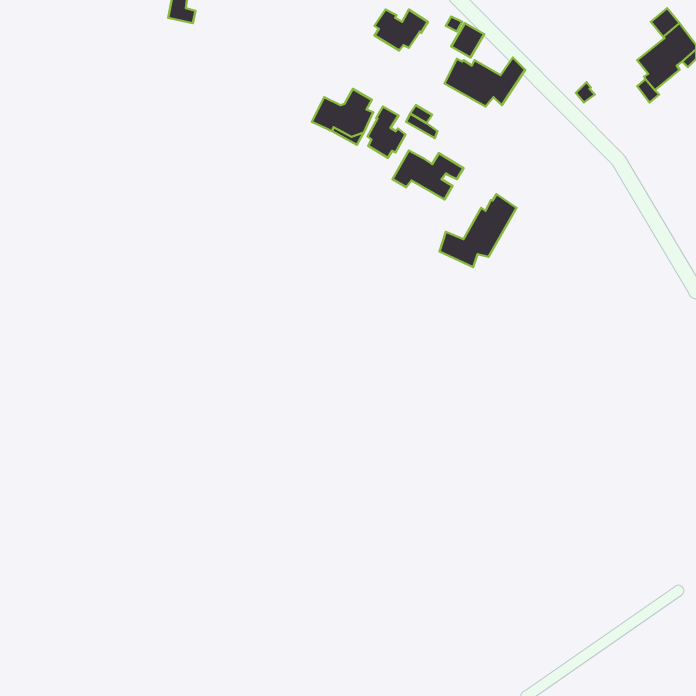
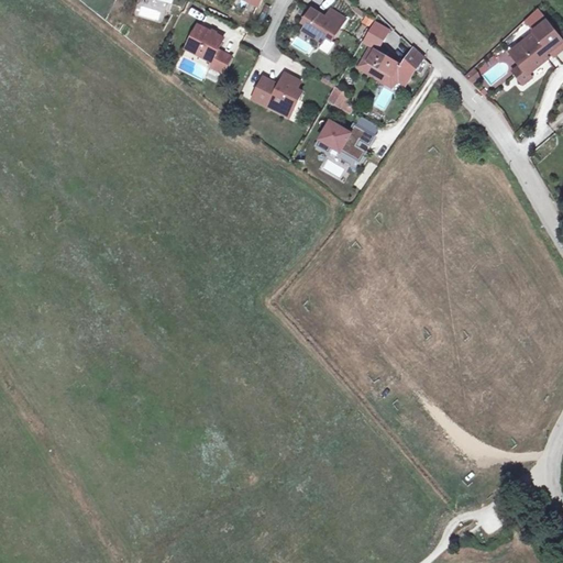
building: none -> [186,24,230,71]
building: [368,107,405,158] -> none
building: [439,194,517,267] -> none

